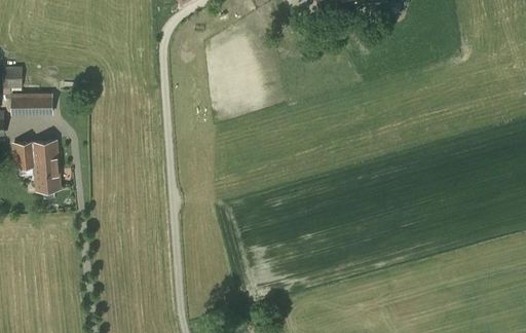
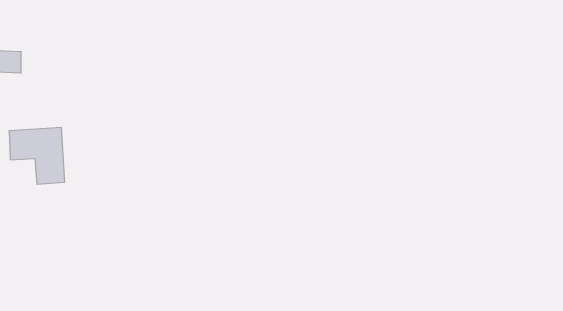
building: [10,96,51,117] -> none

